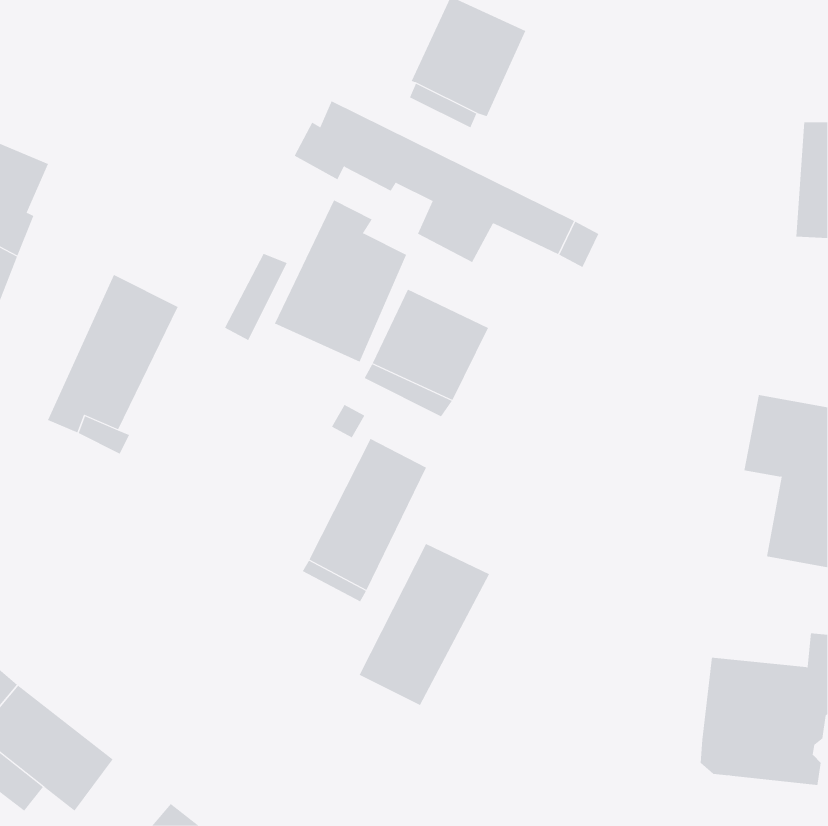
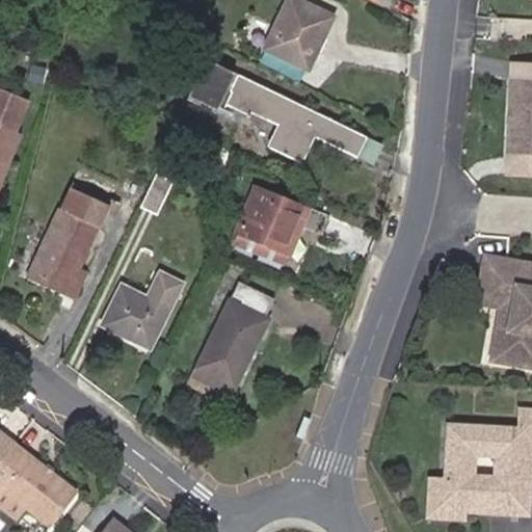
building: [274,200,407,362] -> none
building: none -> [99,273,186,356]
building: [359,543,490,706] -> none
building: none -> [429,473,467,513]

